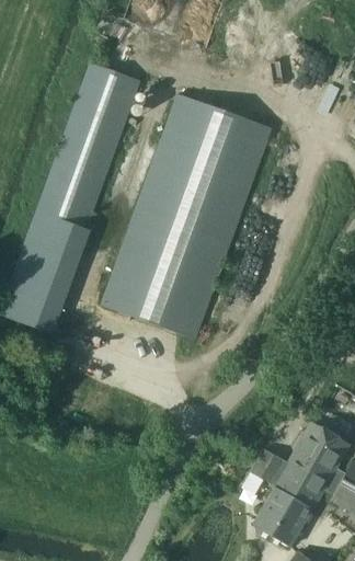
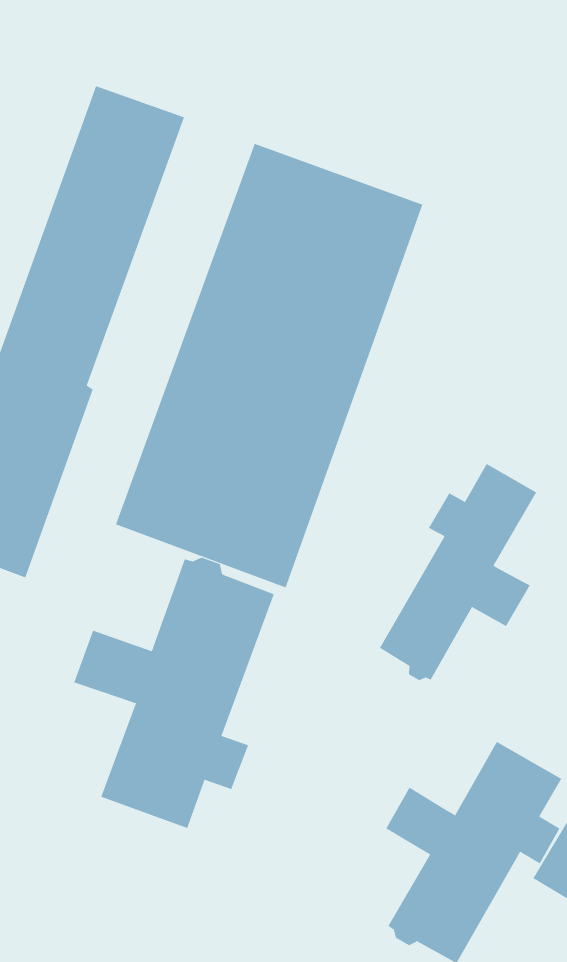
building: none -> [379,463,537,681]
building: none -> [73,557,274,829]

